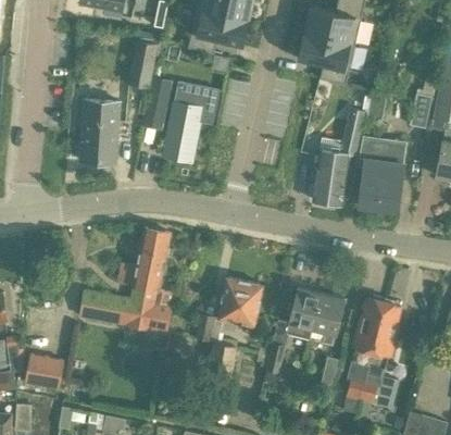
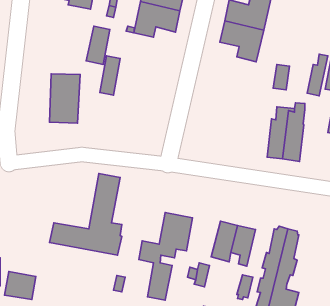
building: [165,80,216,161] -> none
building: [310,108,364,204] -> none

